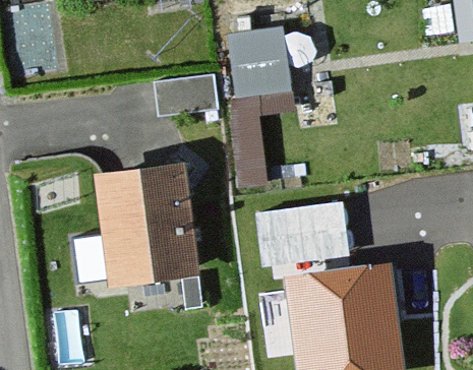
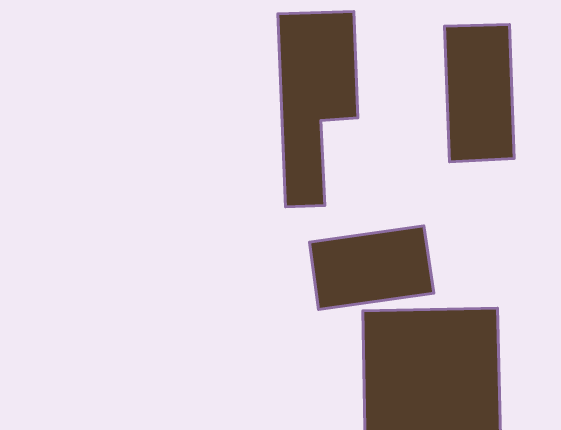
building: none -> [445,24,514,162]
building: [100,169,204,284] -> none

